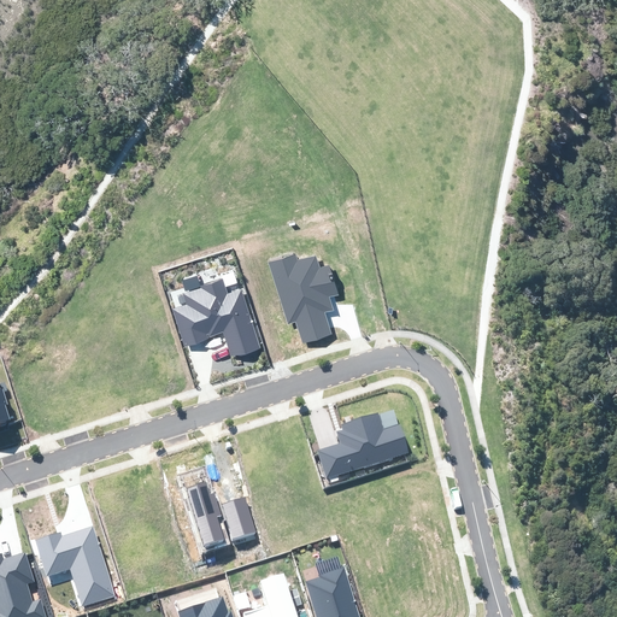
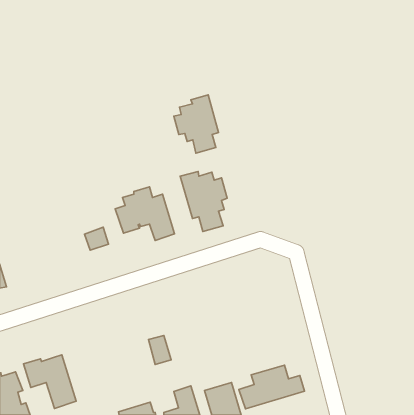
building: none -> [174,95,218,153]
building: none -> [85,227,109,250]
building: [318,411,416,476] -> [239,365,305,409]
building: [187,482,224,548] -> none

